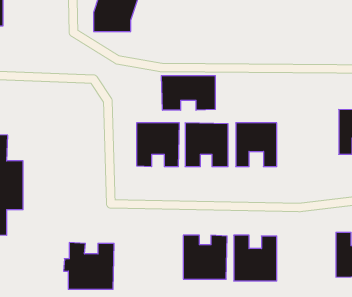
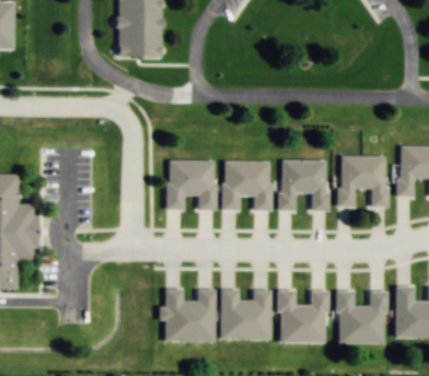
building: [161,76,215,110] -> none
building: none -> [339,155,389,207]
building: none -> [338,290,387,343]
building: [64,243,114,289] -> [159,289,217,342]

